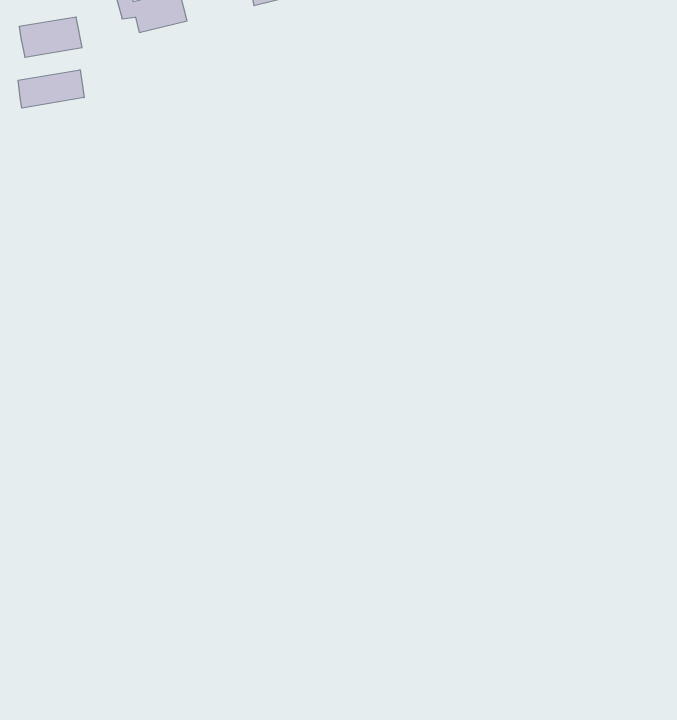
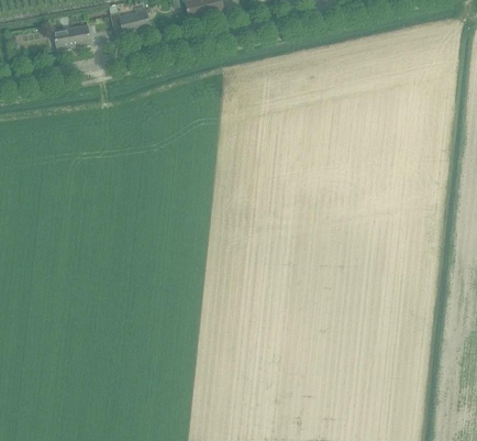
building: [18,70,84,108] -> none

